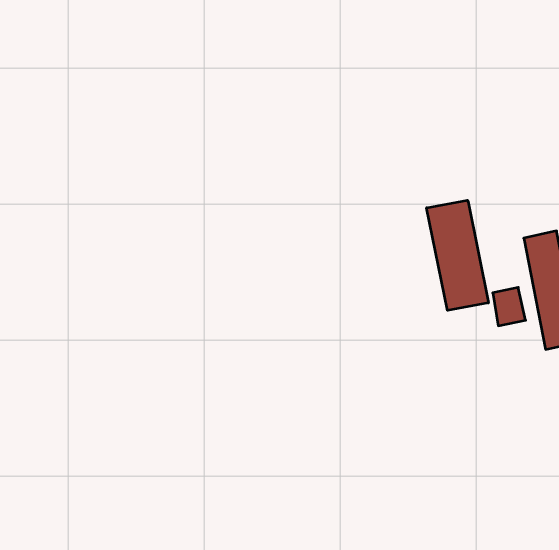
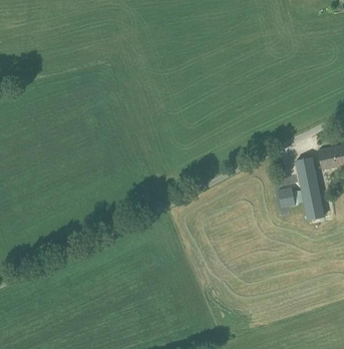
building: [427,200,488,310] -> none

